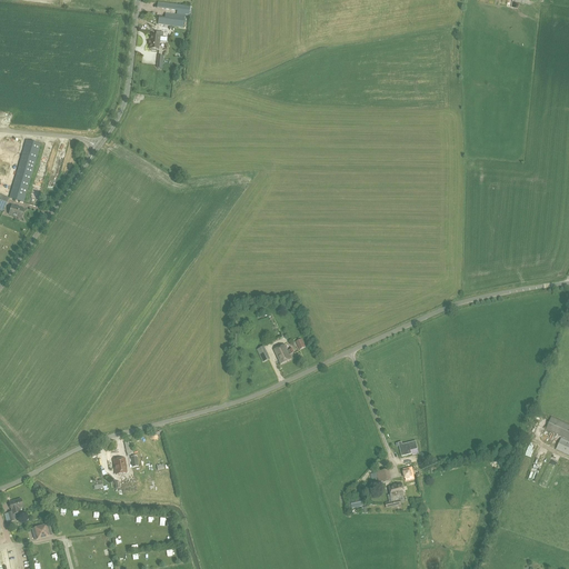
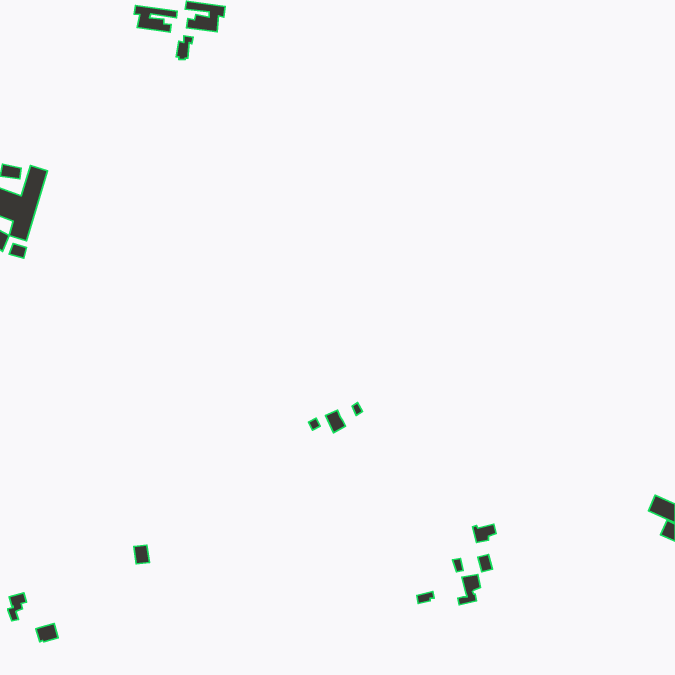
building: none -> [134,6,177,32]

